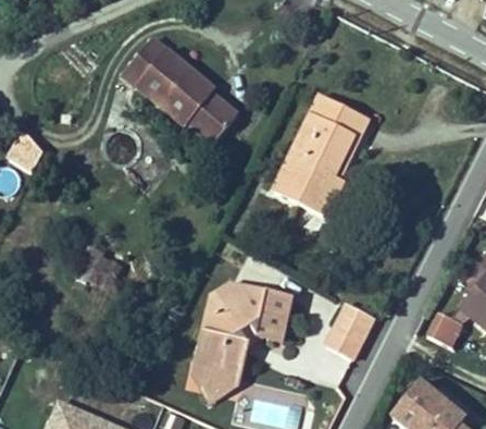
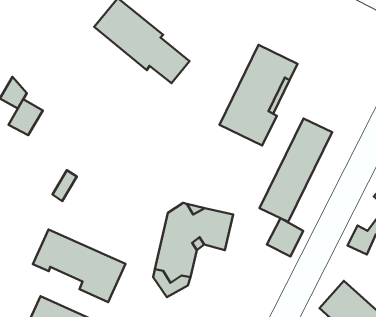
building: none -> [9,99,43,135]
building: none -> [260,118,332,222]
building: none -> [33,229,125,302]

